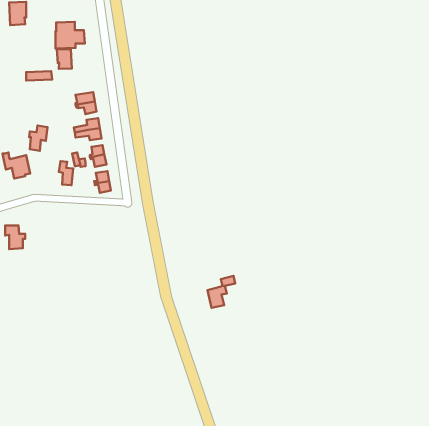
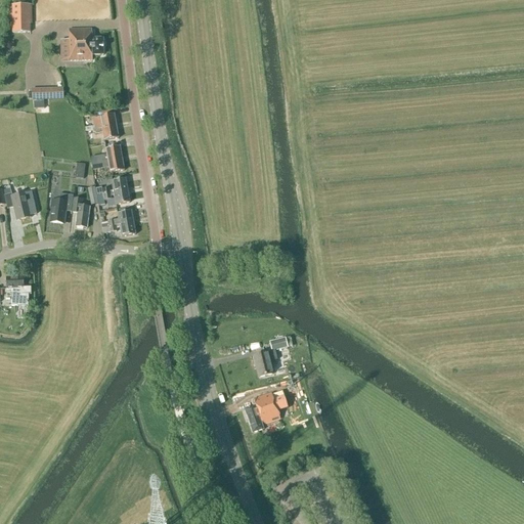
building: [57,49,72,69] -> none
building: [29,126,48,151] -> [50,191,73,222]
building: none -> [245,390,288,431]

